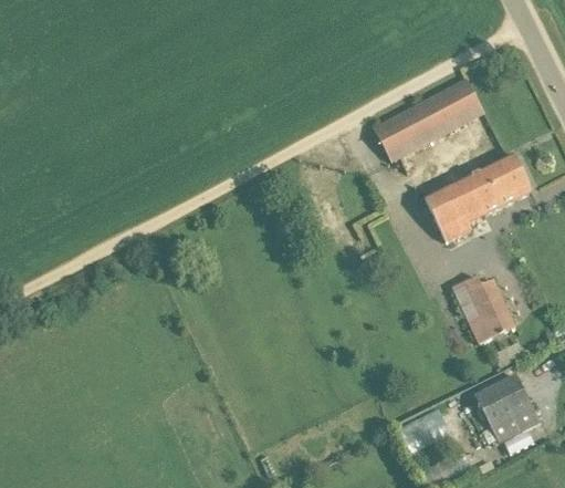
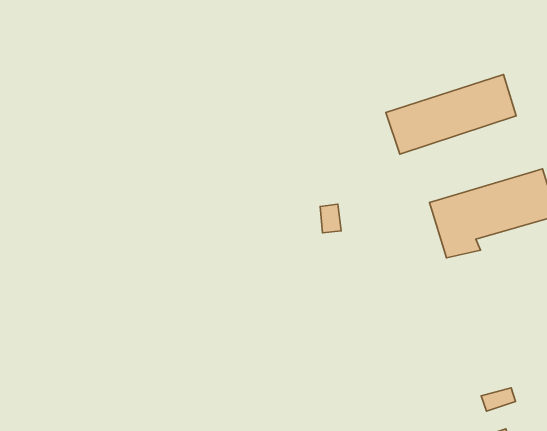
building: [452,270,514,342] -> none

